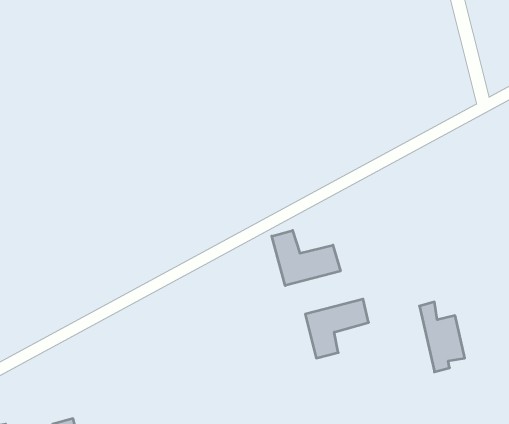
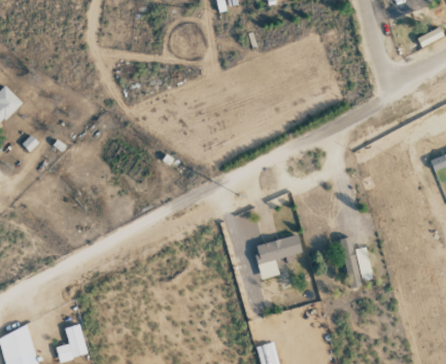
building: [272,230,340,286] -> none

